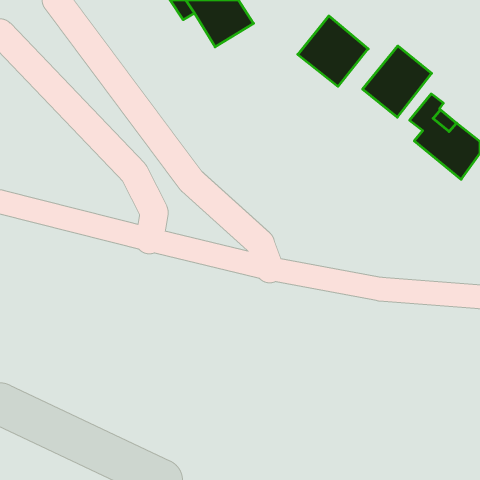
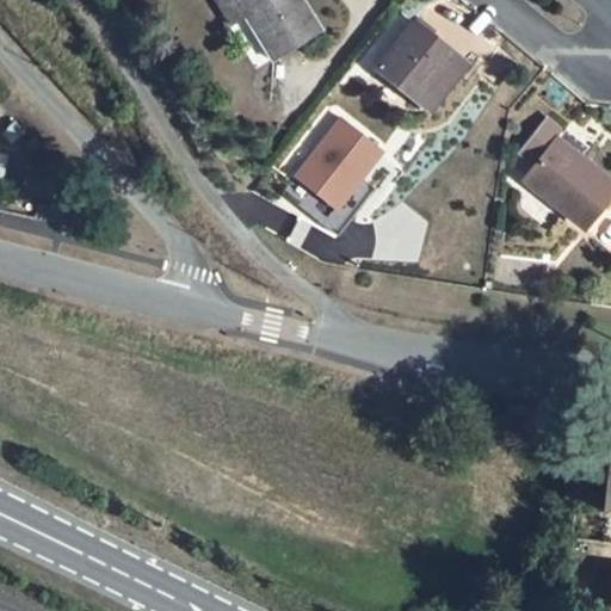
building: [363,46,432,117] -> none
building: none -> [289,115,384,211]

